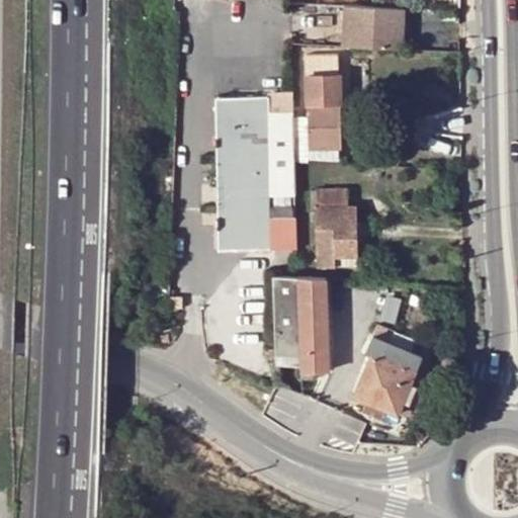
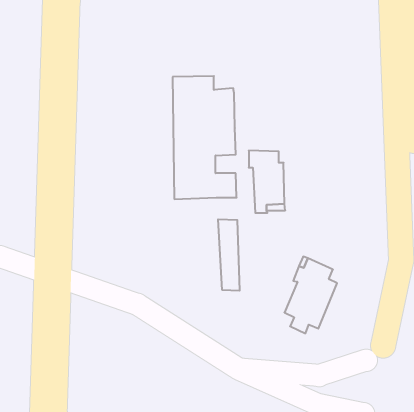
building: [341,6,406,50] -> none
building: [292,55,341,162] -> none
building: [296,277,330,372] -> none

